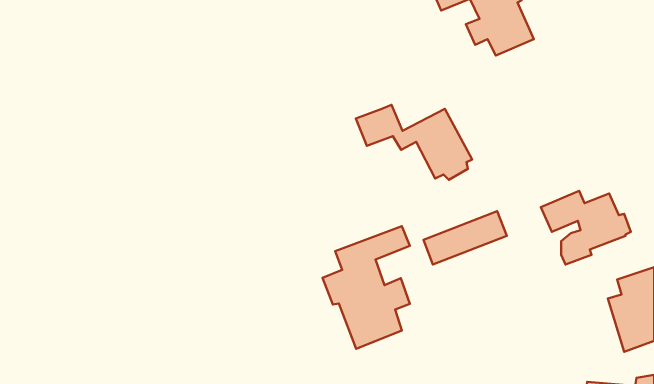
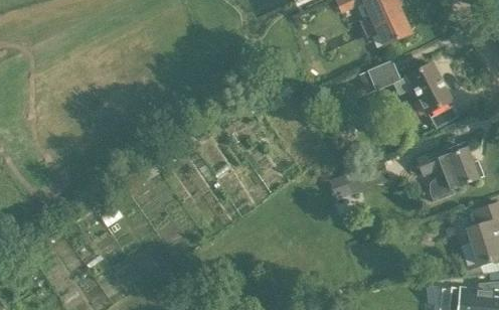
building: [356,105,472,180] -> [364,60,450,116]
building: [323,226,410,349] -> none

